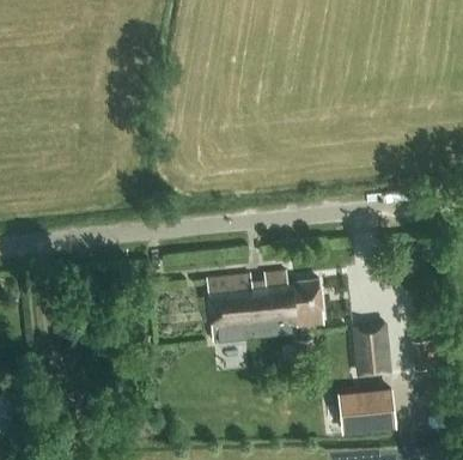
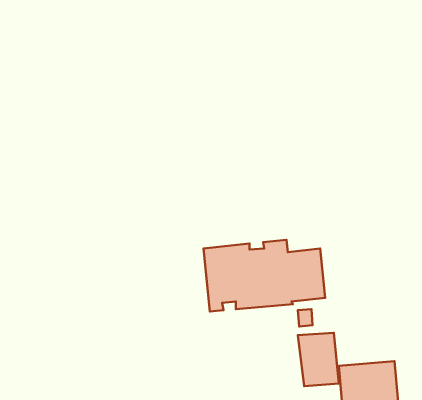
building: [351,325,390,376] -> [298,333,339,386]

